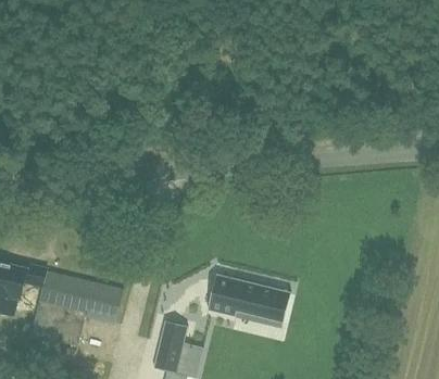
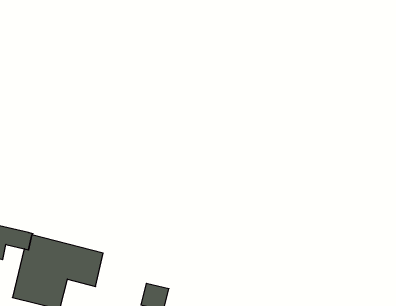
building: [206,274,277,319] -> none

